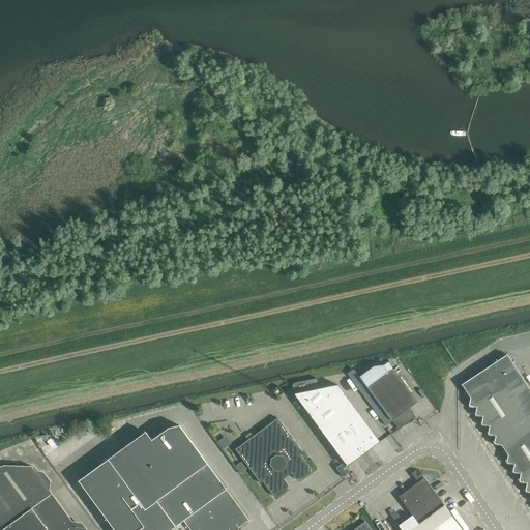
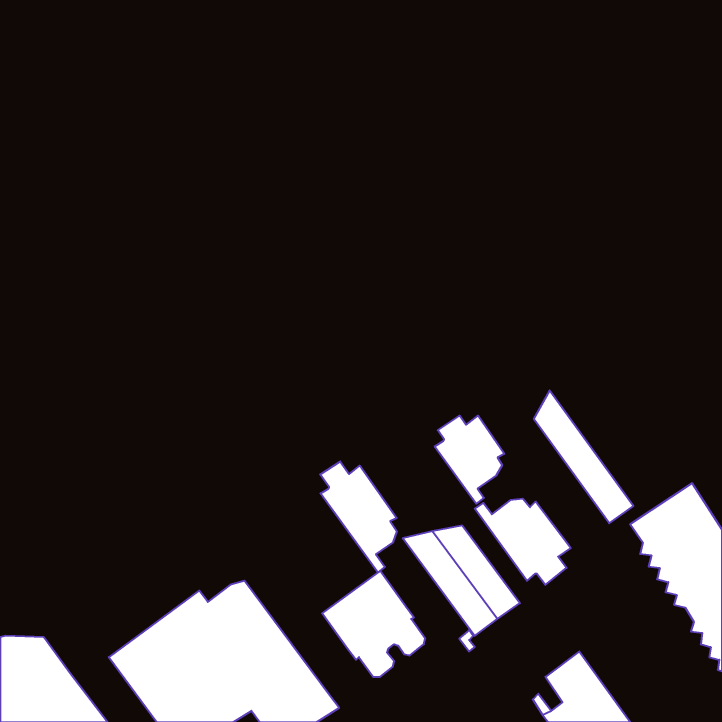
building: none -> [534,390,633,523]
building: none -> [435,416,504,504]
building: none -> [320,461,397,572]

